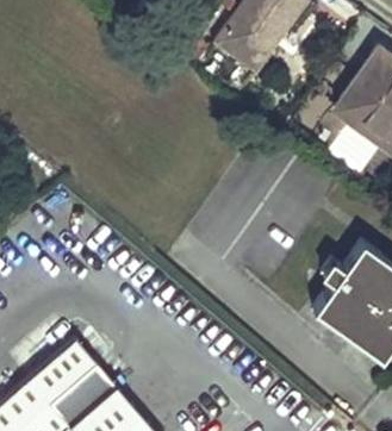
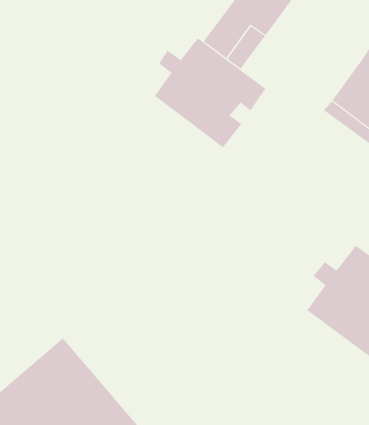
building: none -> [154,37,266,148]

